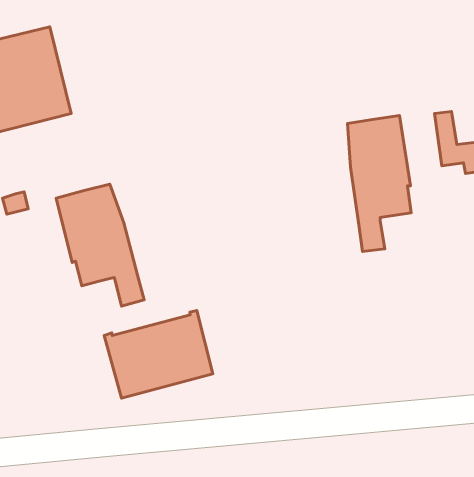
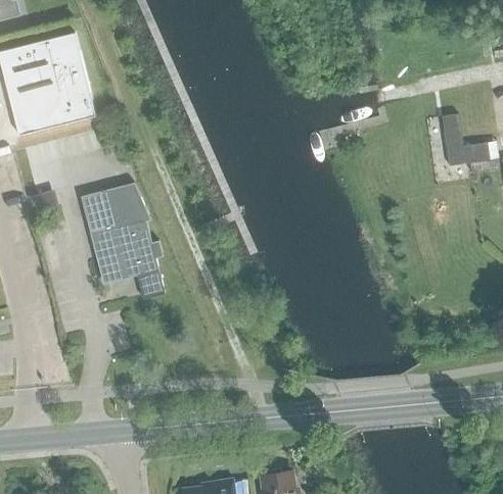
building: [348,116,411,252] -> none
building: [104,311,213,398] -> none

